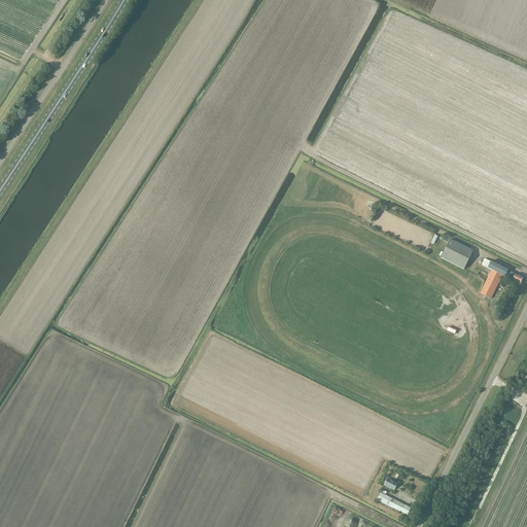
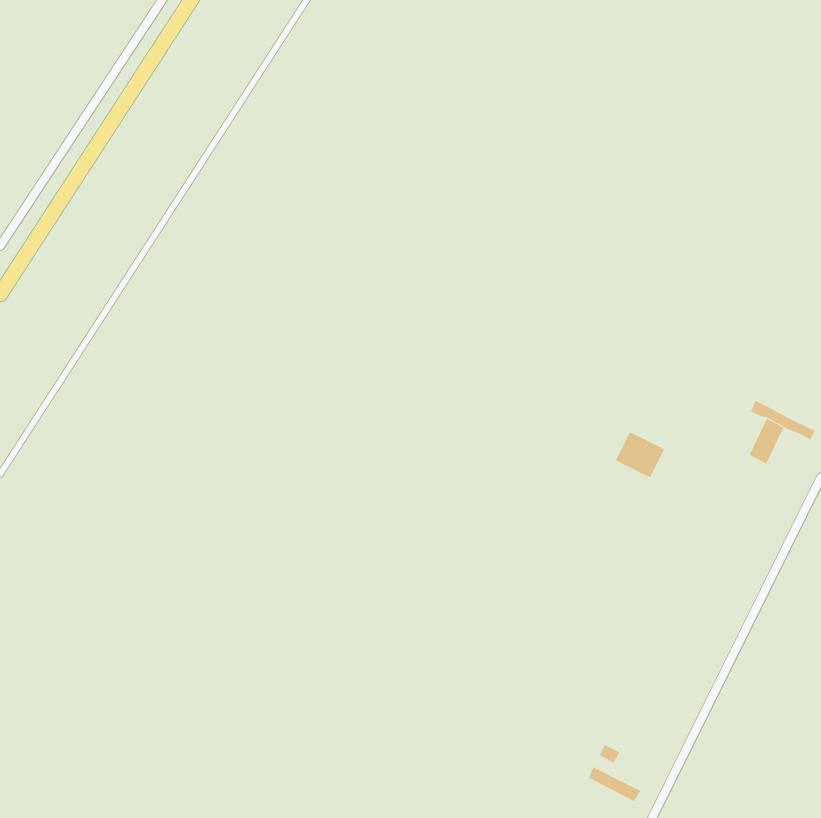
building: [441,238,472,268] -> [615,432,665,478]

